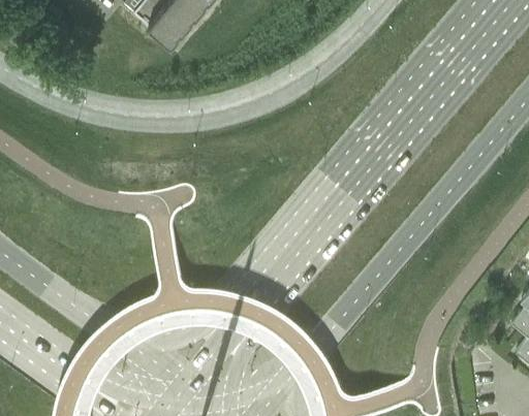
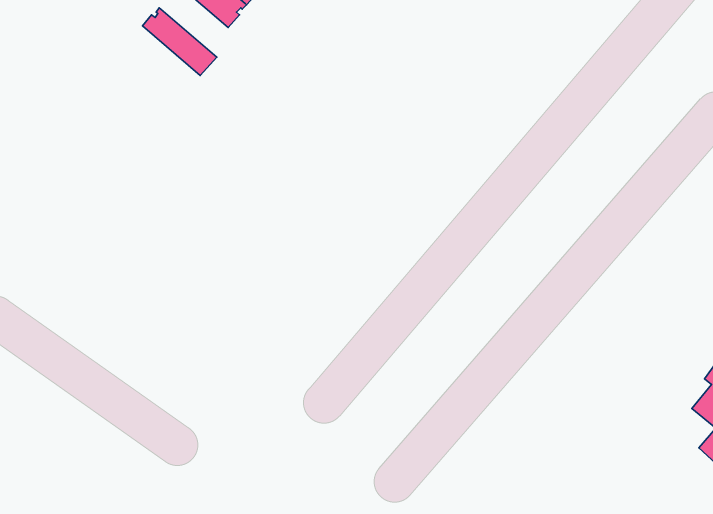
building: none -> [142,8,217,75]

